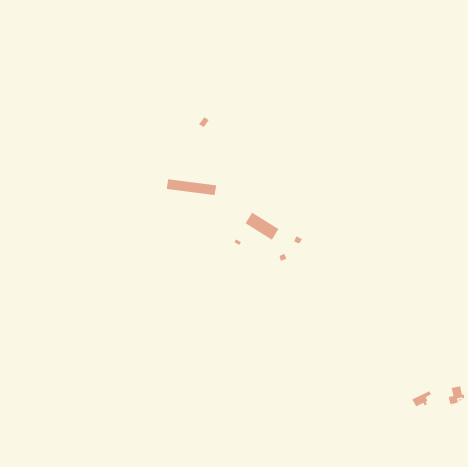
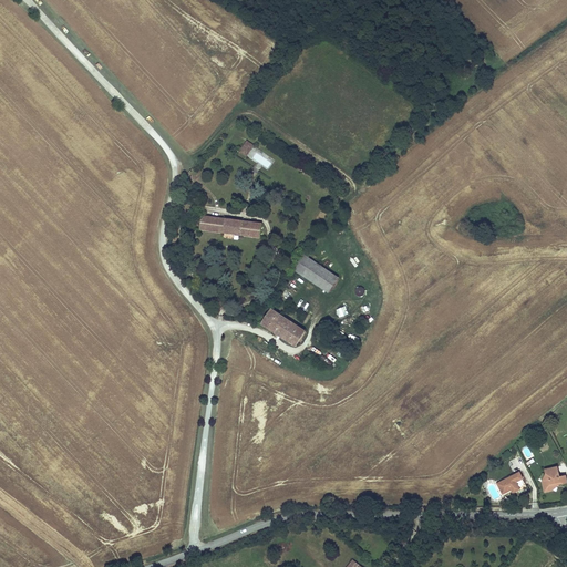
building: none -> [261,310,305,347]

